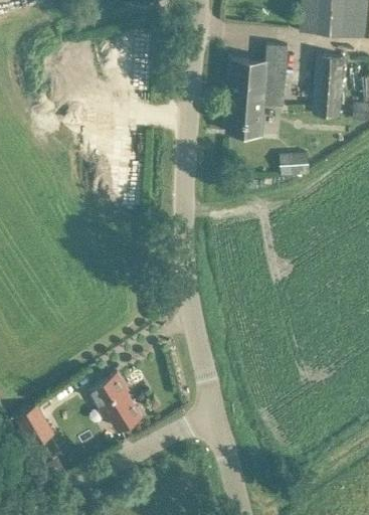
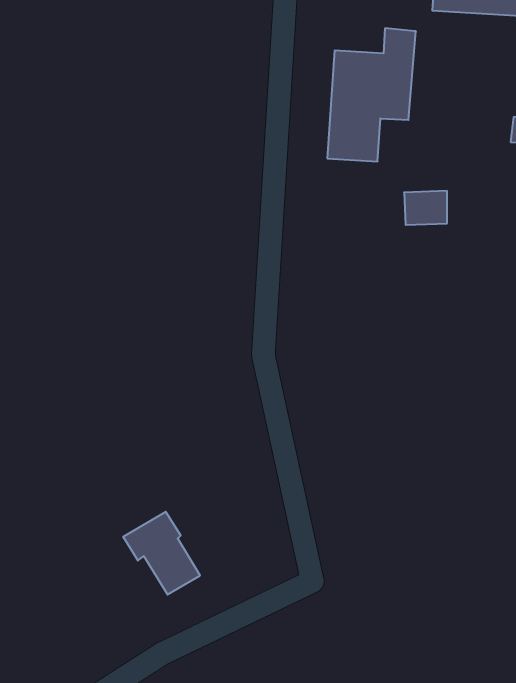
building: [314,57,346,117] -> none
building: [16,406,54,447] -> none

